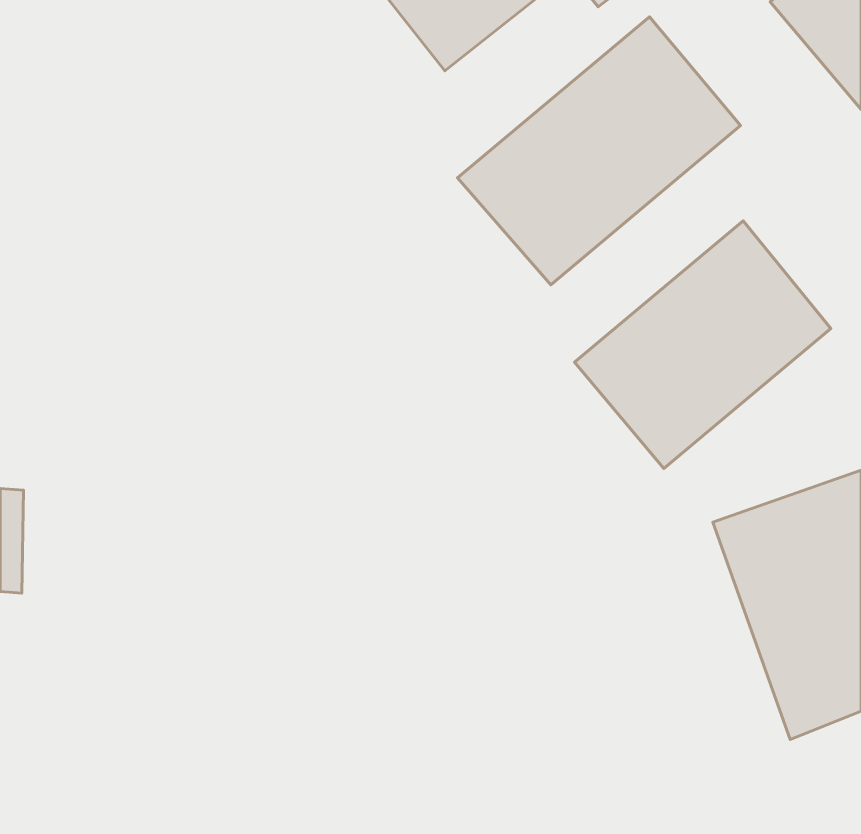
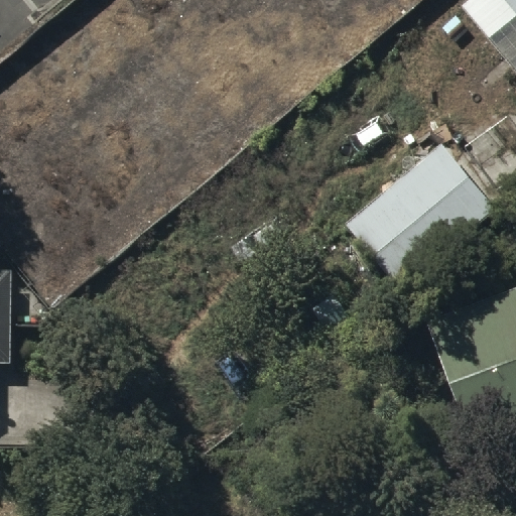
building: [458,17,741,285] -> none

